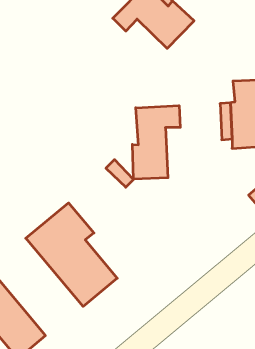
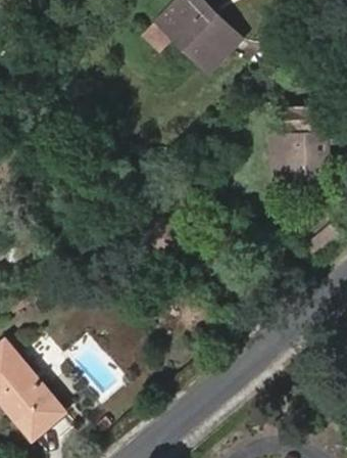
building: [132,106,180,179] -> none
building: [26,203,117,306] -> none

